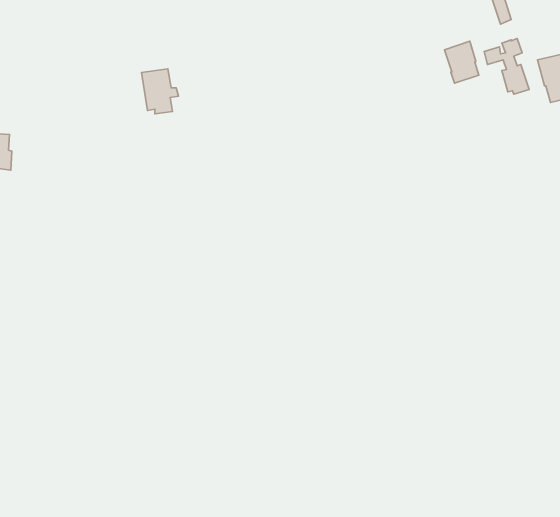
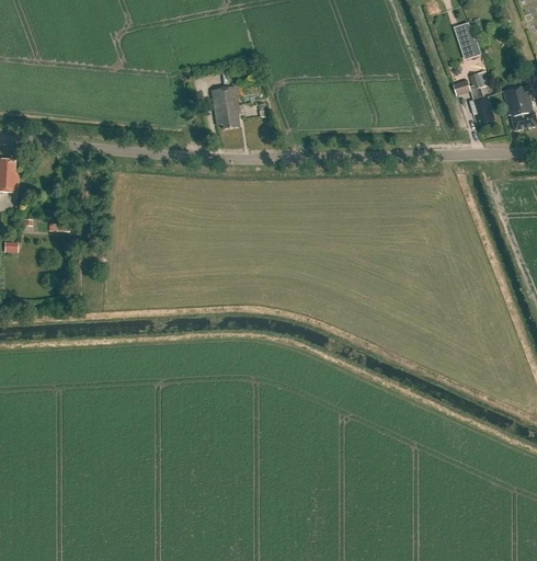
building: [445,41,479,83] -> none
building: [142,69,178,114] -> [209,87,243,128]

